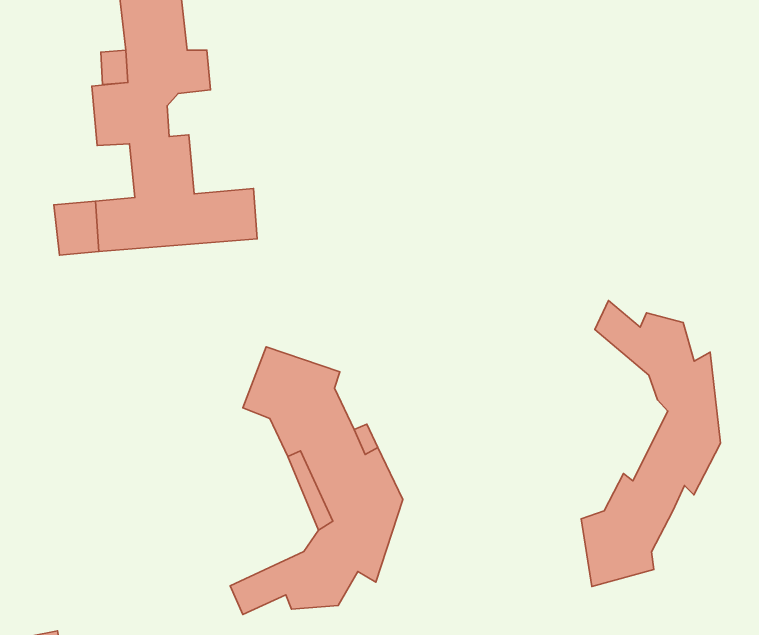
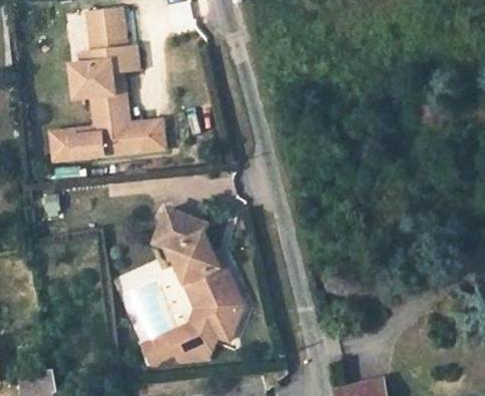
building: [581,301,721,586] -> none

